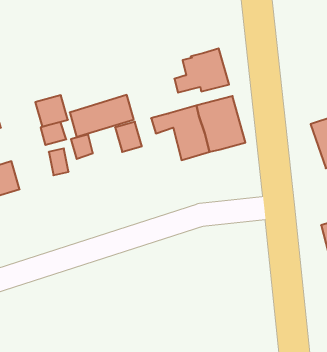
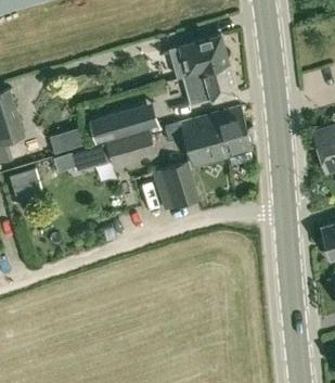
building: none -> [169,36,227,77]
building: [35,95,68,127] -> [106,136,137,165]
building: none -> [165,161,198,205]

